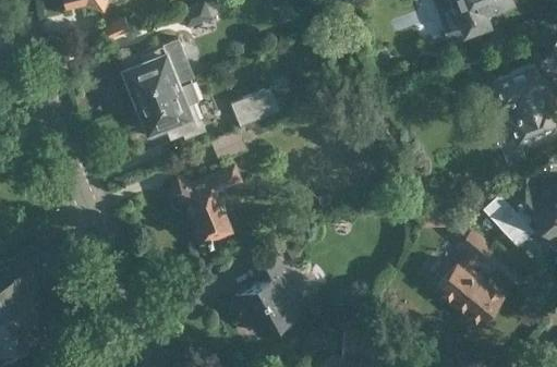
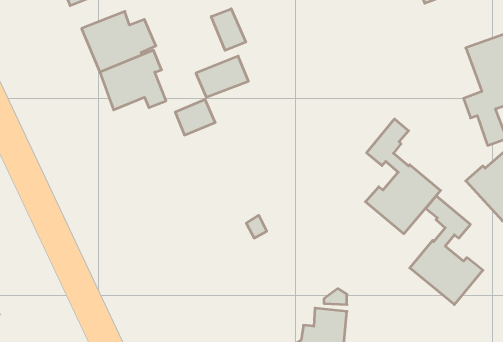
building: none -> [211,9,246,50]
building: none -> [365,119,441,234]
building: [171,170,239,247] -> none
building: [227,259,298,337] -> none

